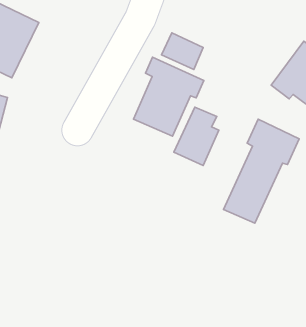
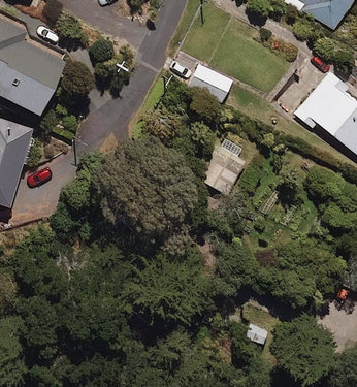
building: [134,57,204,136] -> none
building: [223,119,299,223] -> none

